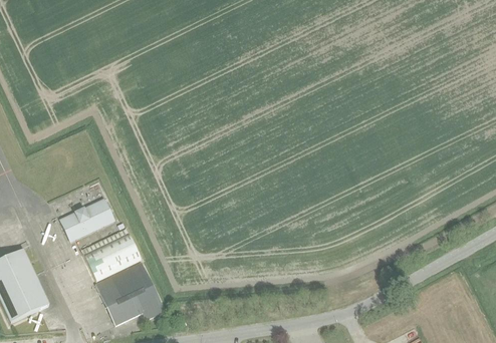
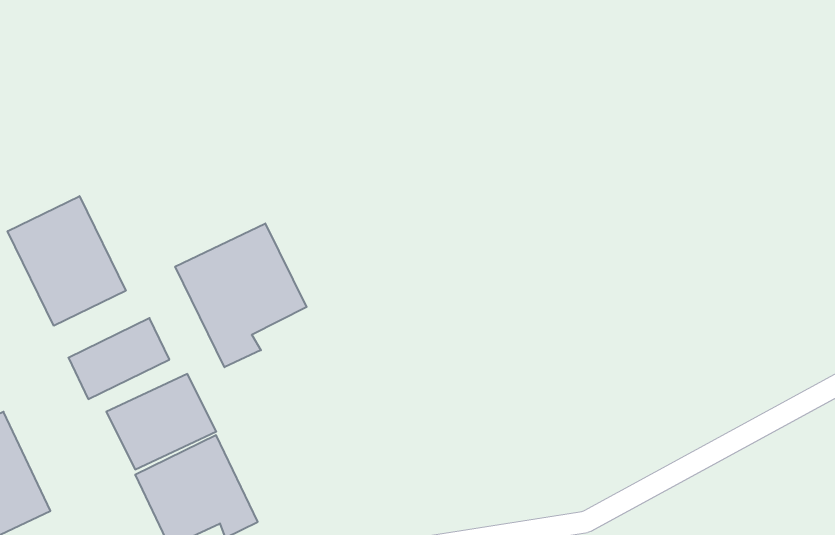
building: none -> [8,196,126,326]
building: none -> [175,223,307,367]

